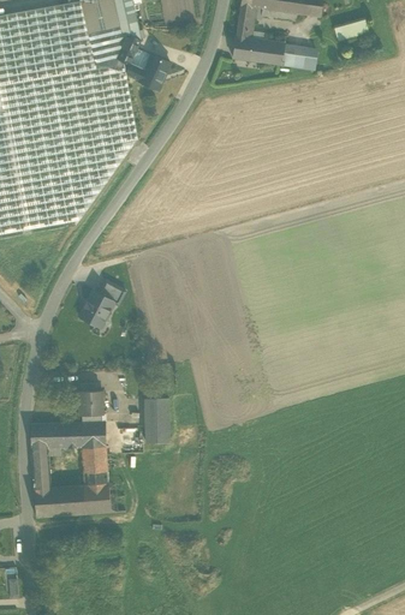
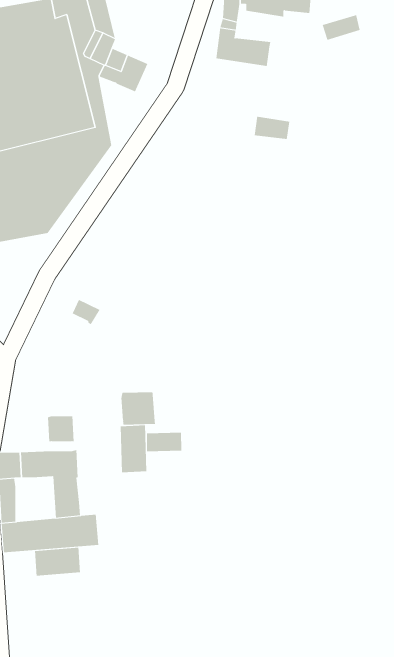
building: [281,47,315,68] -> [254,116,290,139]
building: [79,291,114,327] -> none
building: none -> [121,391,156,425]
building: none -> [146,432,182,452]
building: none -> [35,547,80,576]

